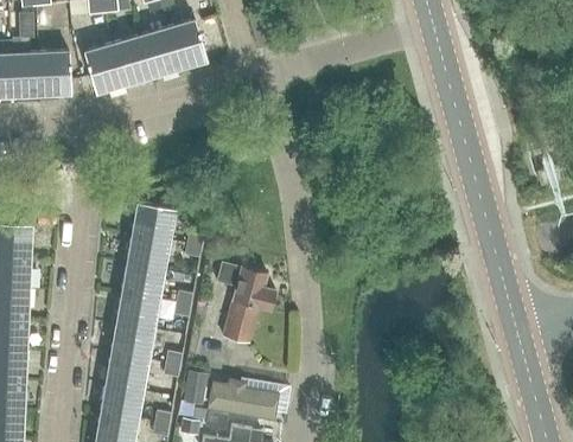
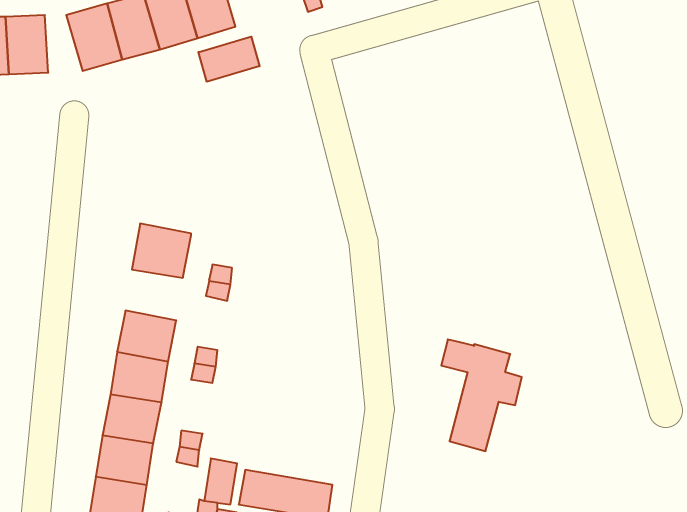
building: none -> [198,37,260,82]
building: [127,236,168,273] -> none
building: [217,263,275,344] -> [441,339,522,451]

